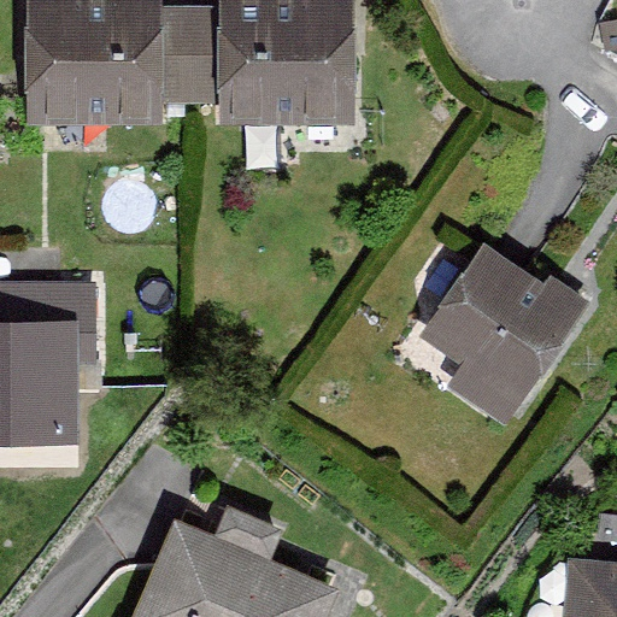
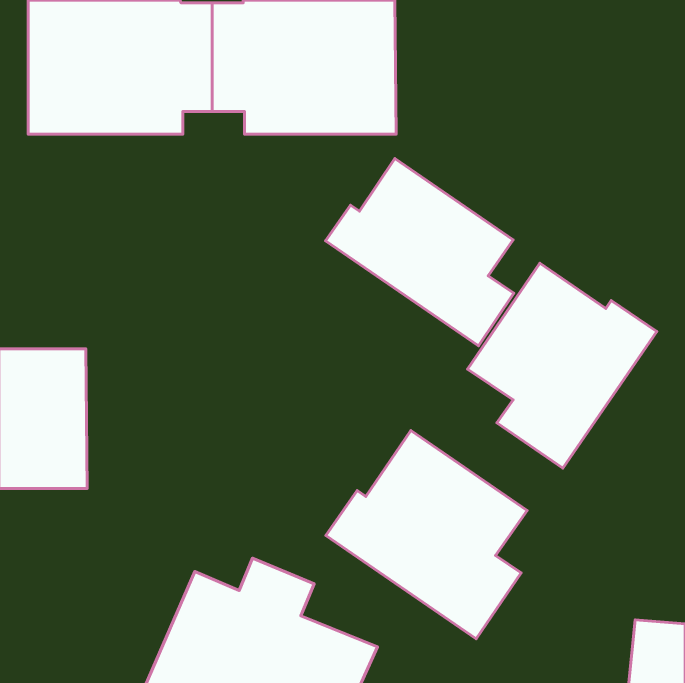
building: none -> [325,159,514,346]
building: none -> [326,431,527,639]

